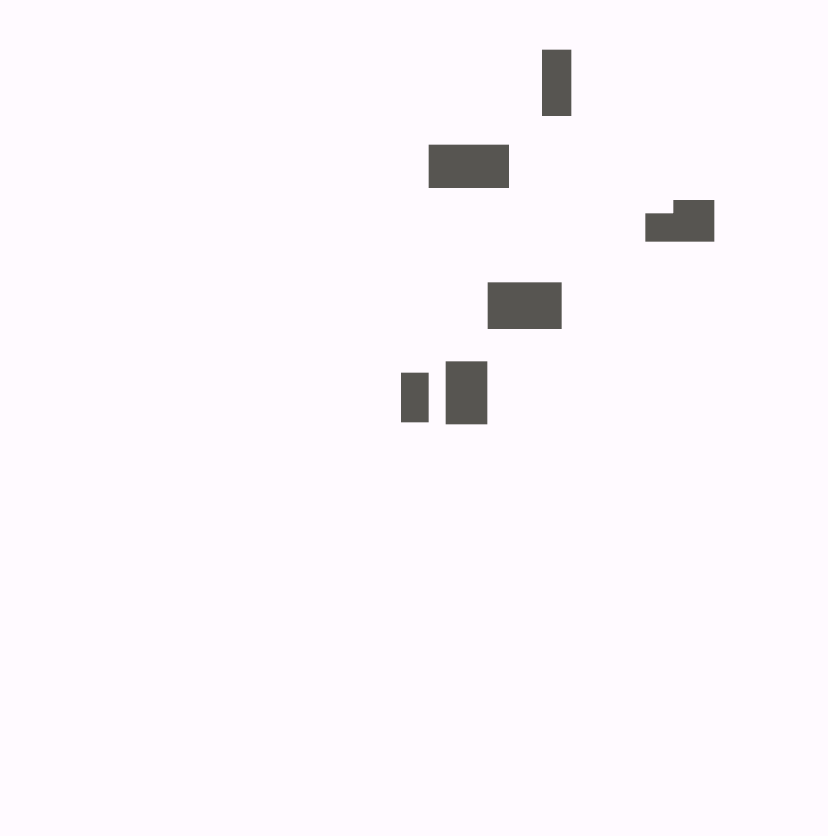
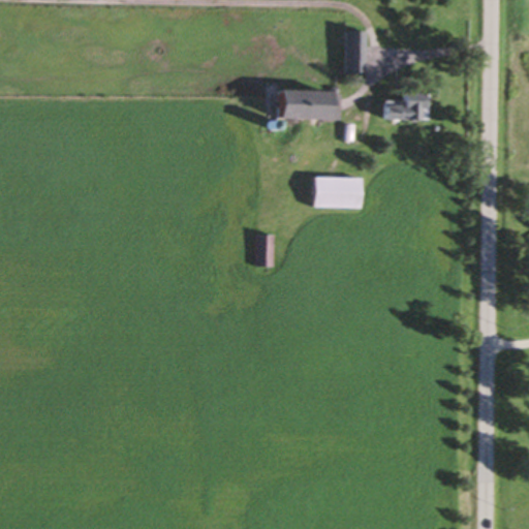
building: [645,200,715,242] -> [383,93,428,120]
building: [445,360,488,425] -> none

